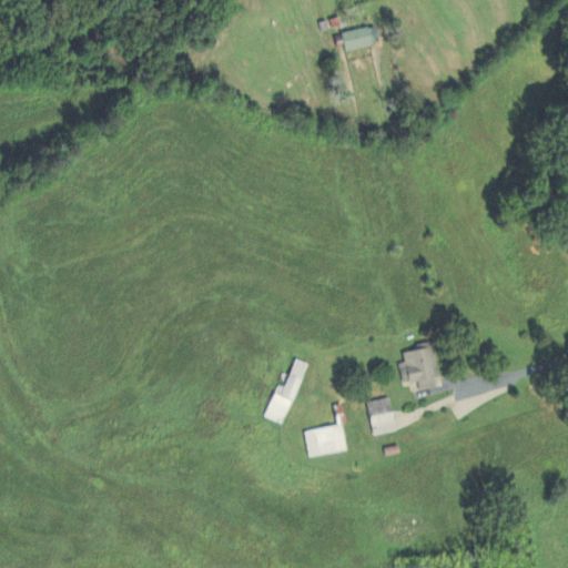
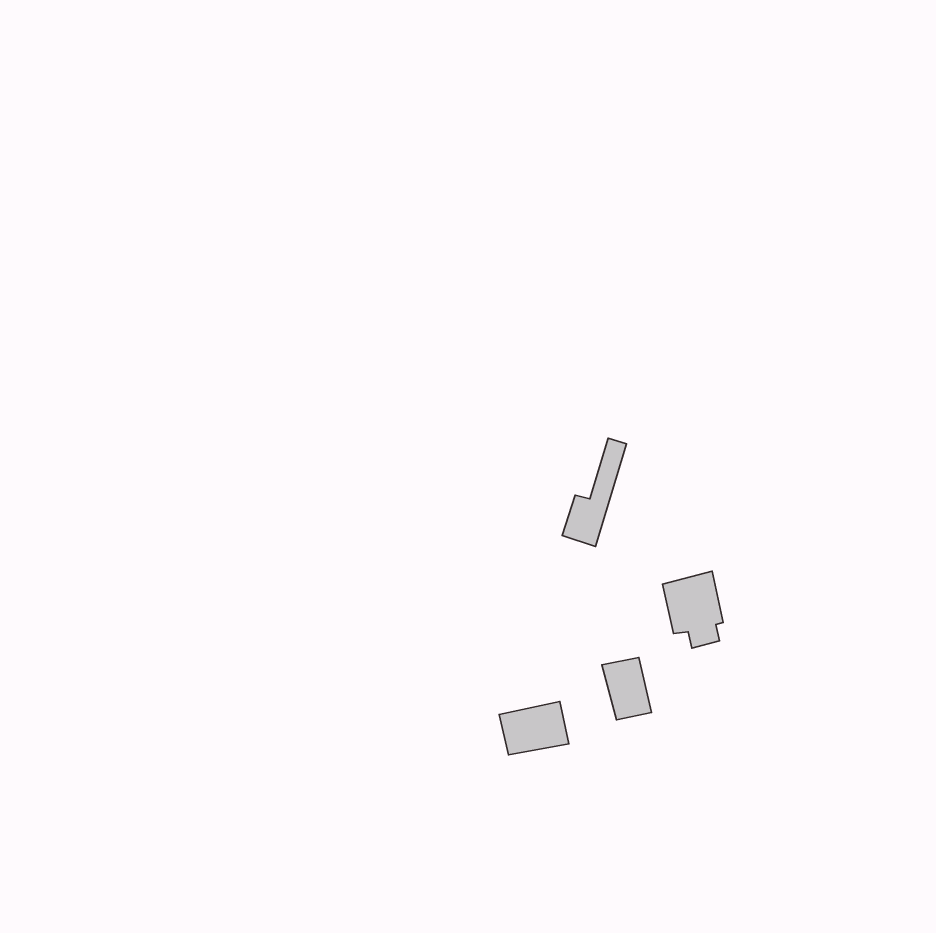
building: [339,24,378,50] -> none
building: [264,358,303,424] -> [562,438,627,547]

